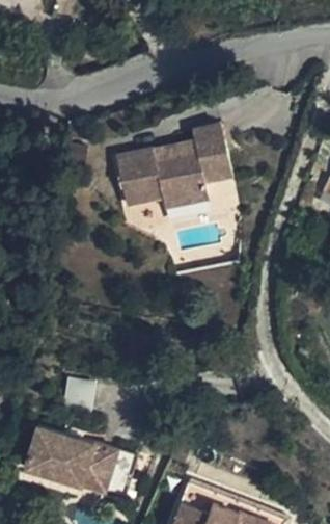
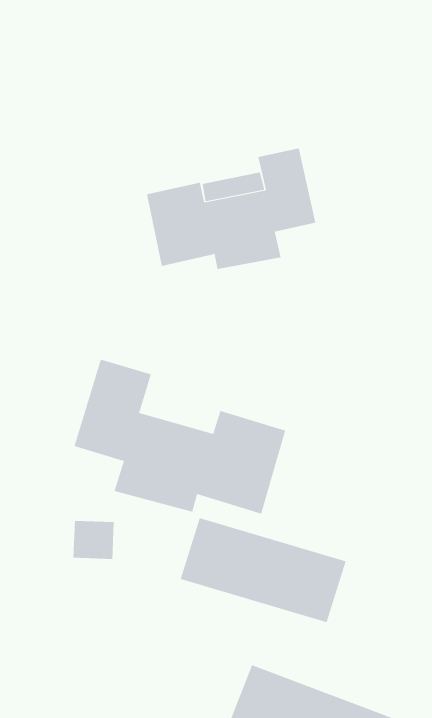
building: none -> [74,359,286,515]
building: [25,423,140,496] -> [180,518,347,623]

